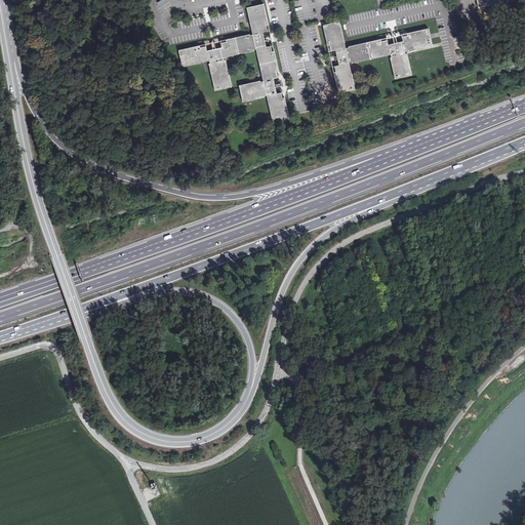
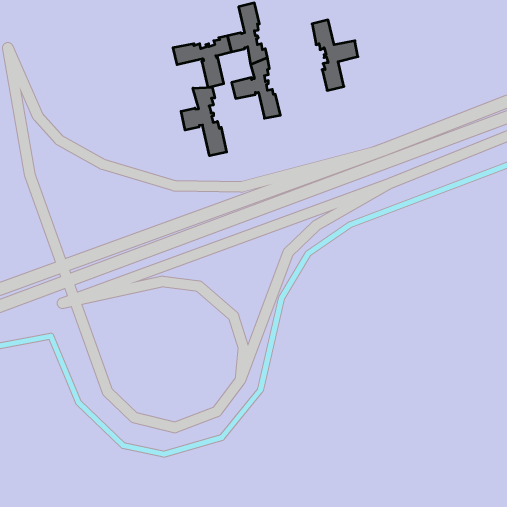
building: [366,28,431,79] -> none
building: none -> [181,87,227,156]

